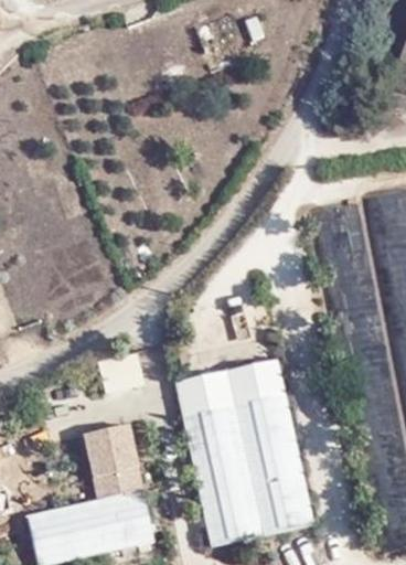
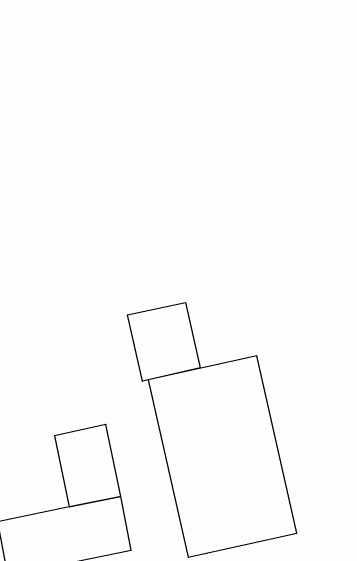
building: none -> [127,303,200,381]

